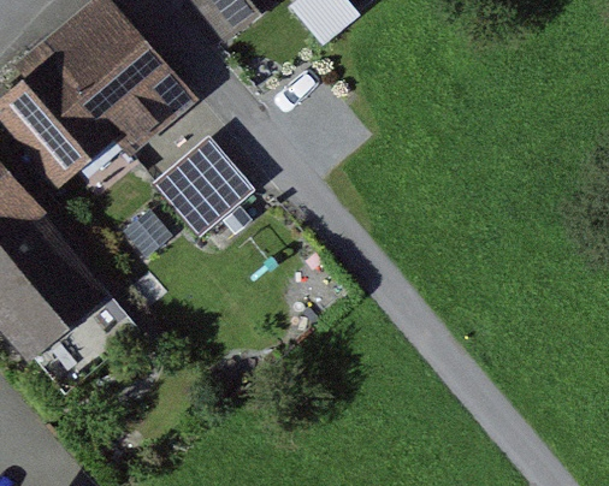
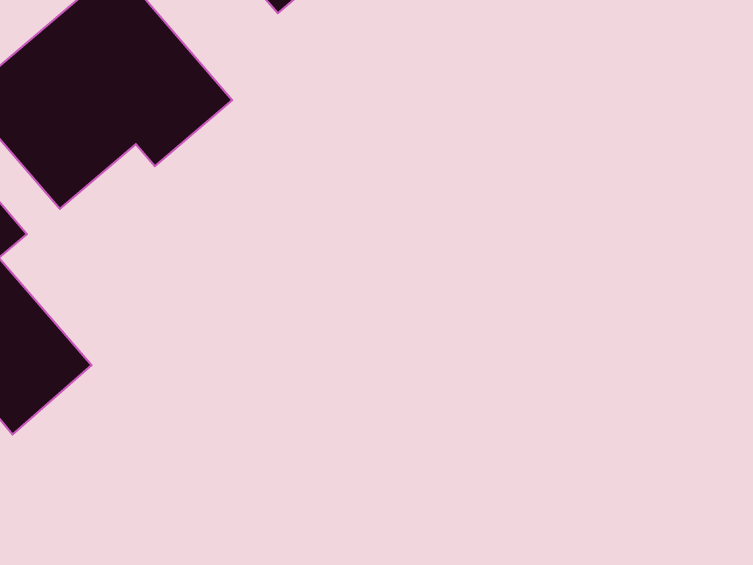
building: [164,119,268,224] -> none

